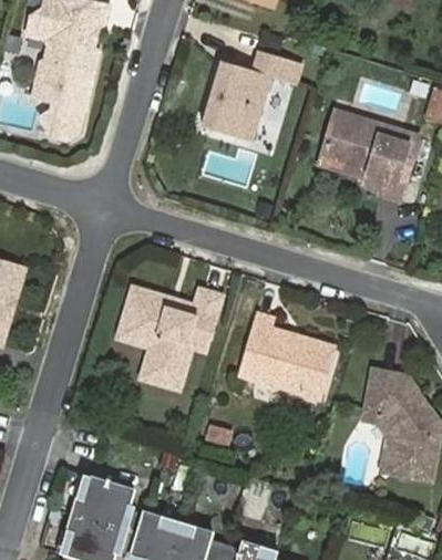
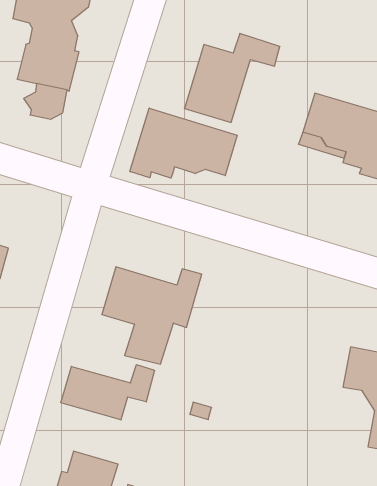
building: none -> [130,108,237,178]
building: [237,312,335,400] -> none
building: none -> [61,365,155,420]

